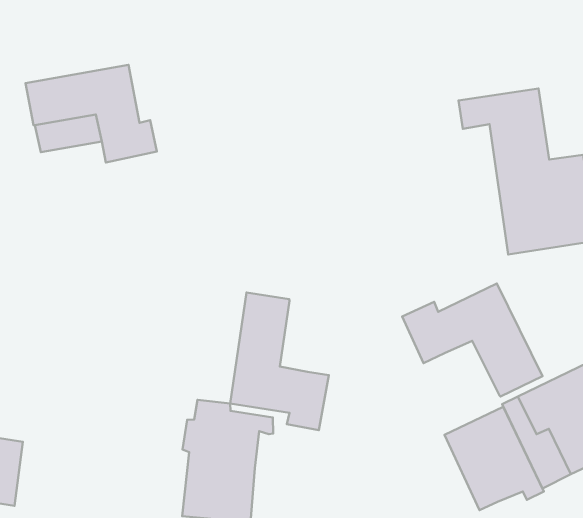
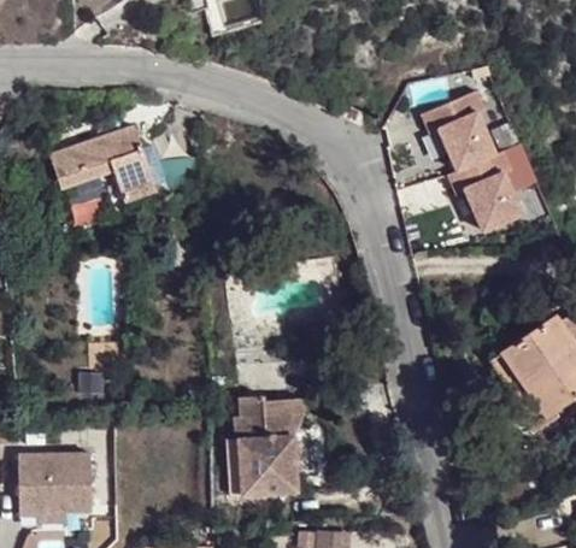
building: [402,284,543,396] -> none
building: [230,293,329,430] -> none
building: [444,407,544,510] -> none

